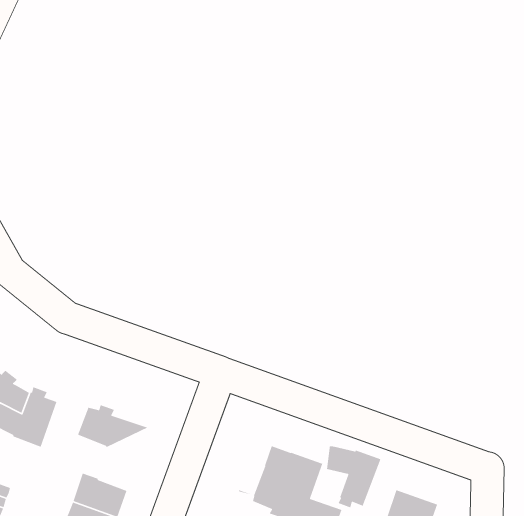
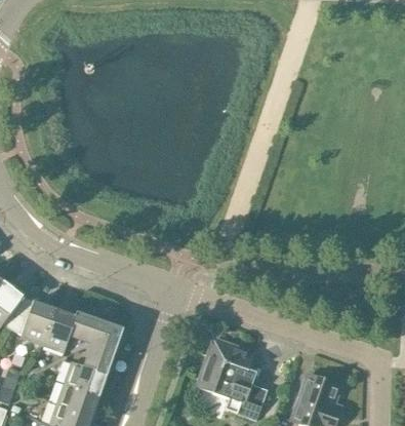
building: none -> [41,308,76,351]
building: none -> [84,328,122,376]
building: [326,445,381,509] -> none

